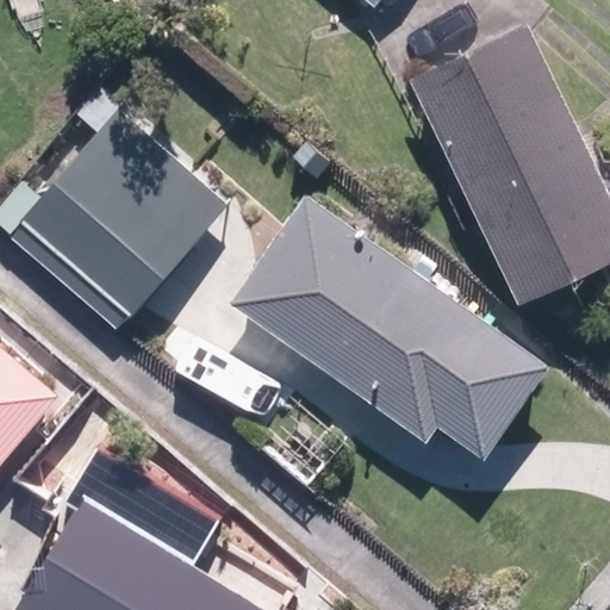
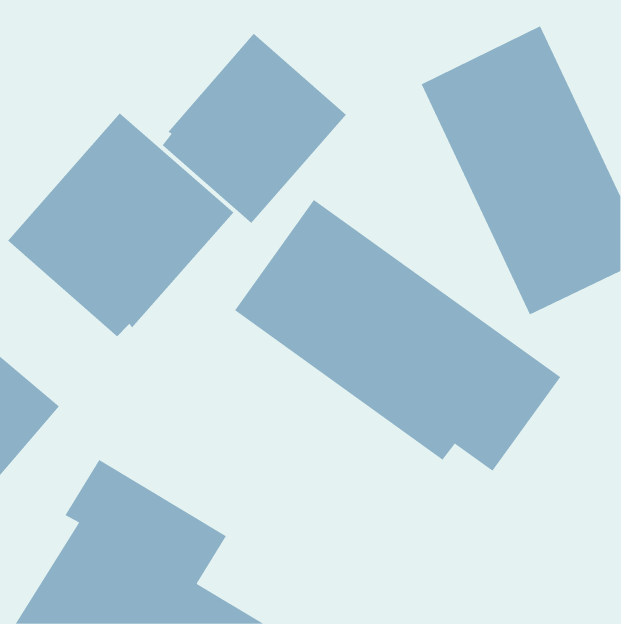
building: none -> [162,33,347,224]

